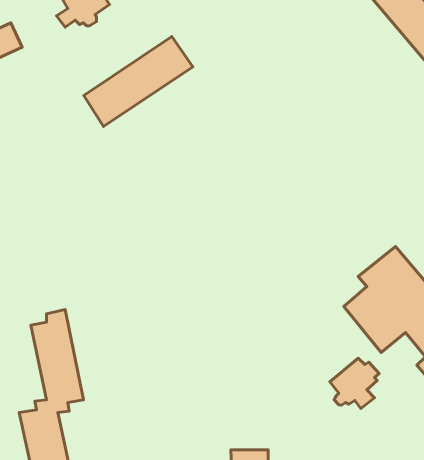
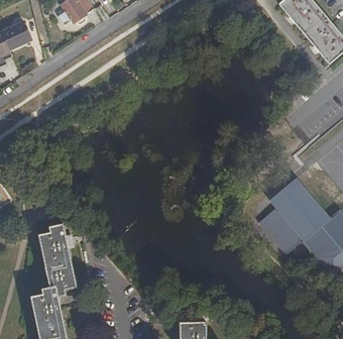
building: [84,37,193,127] -> none
building: [330,358,379,408] -> none

